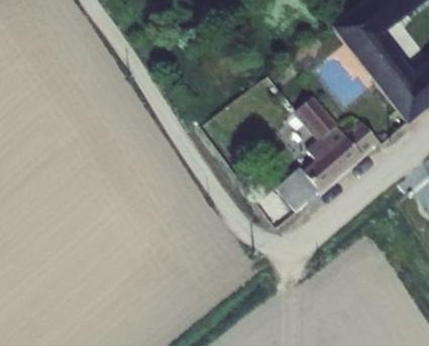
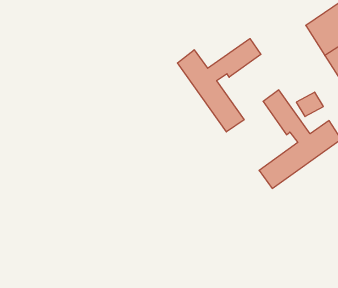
building: none -> [177,39,261,132]

